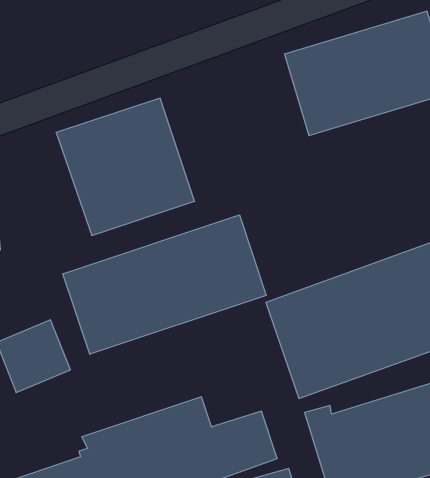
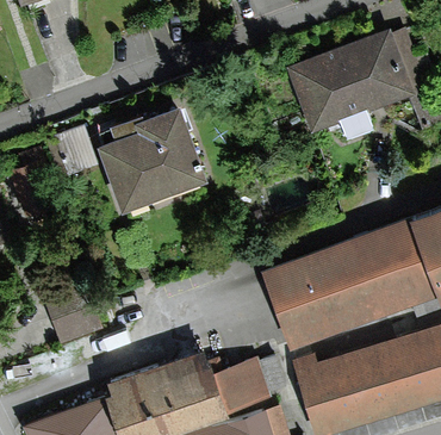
building: [63,215,266,354] -> none

